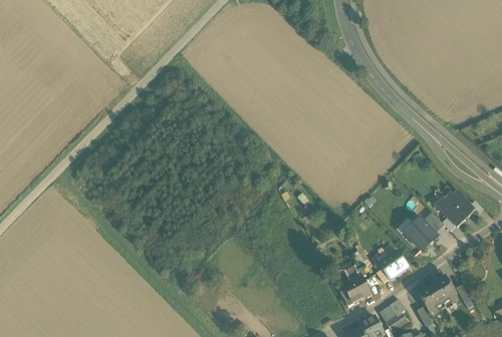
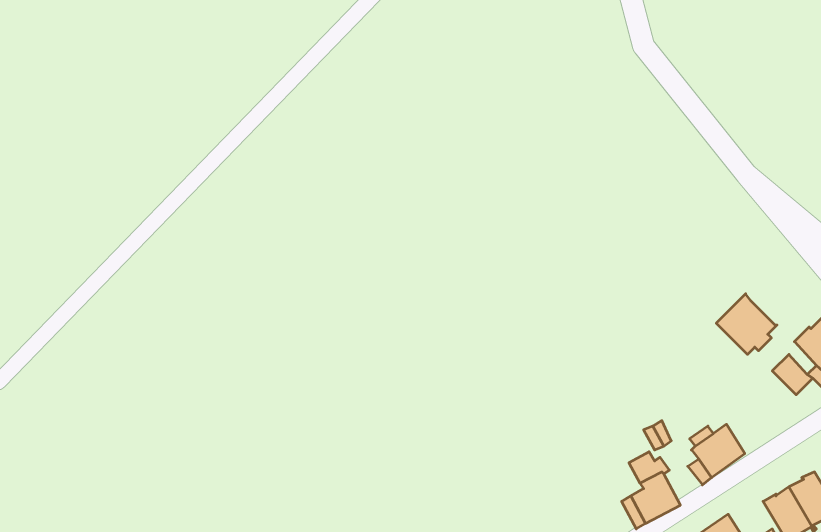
building: [404,217,437,250] -> [716,294,777,354]

